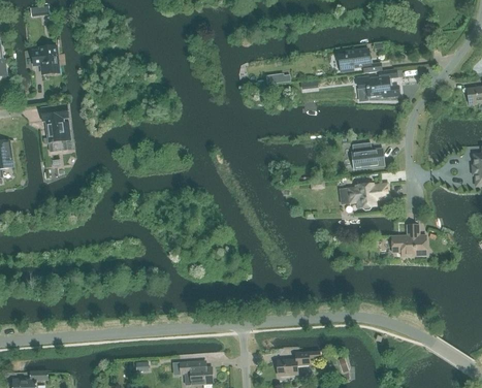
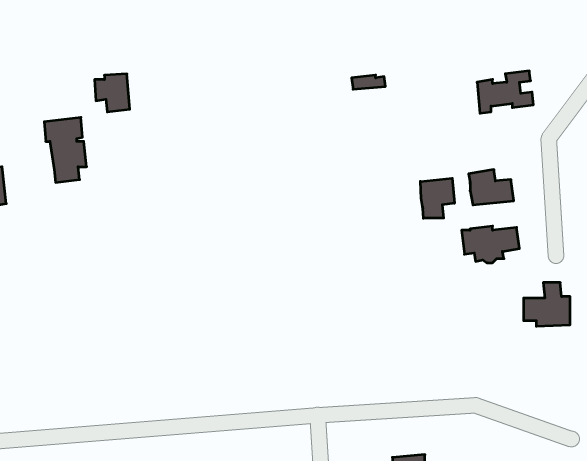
building: [32,46,58,74] -> [95,74,130,112]
building: [338,50,381,73] -> none
building: none -> [420,178,454,218]

